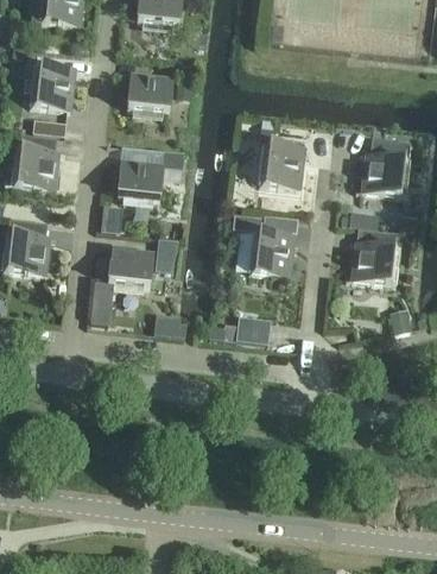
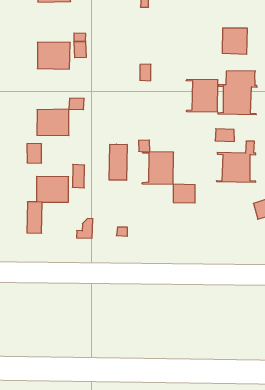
building: none -> [222,28,247,54]
building: [258,141,303,188] -> [186,80,218,112]
building: none -> [109,144,127,180]
building: [235,315,266,342] -> [173,184,195,203]

